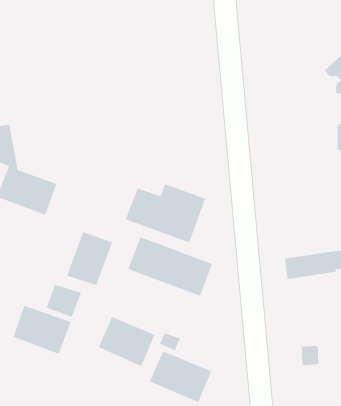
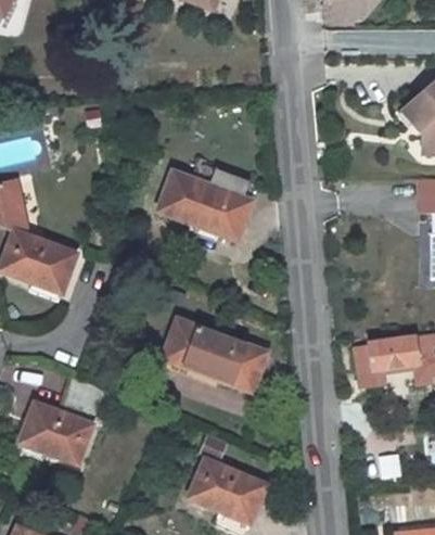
building: [125,183,206,243] -> [157,166,257,240]
building: [67,231,113,286] -> none
building: [98,316,155,367] -> none

